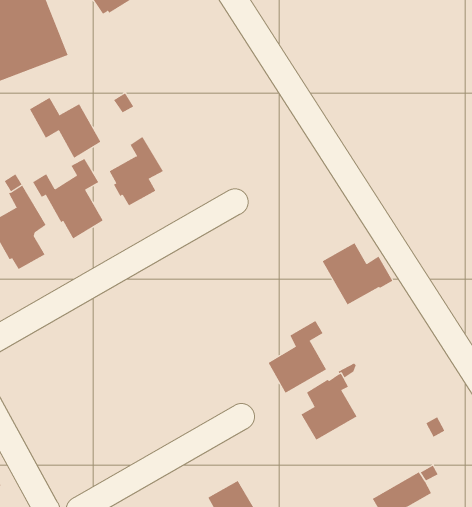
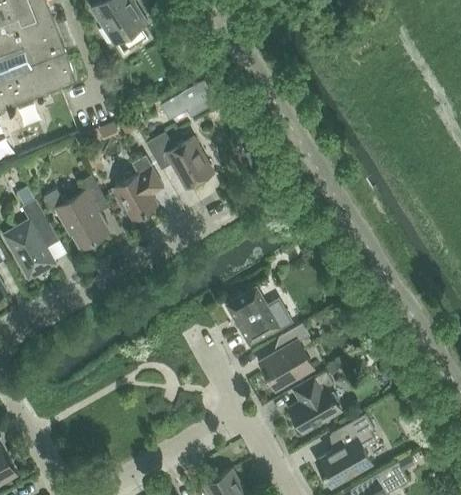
building: none -> [161,79,216,120]
building: [29,97,101,158] -> [146,132,212,188]
building: [322,243,393,305] -> [226,287,291,344]
building: none -> [316,413,375,487]

